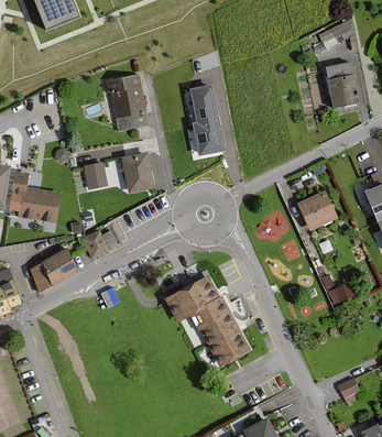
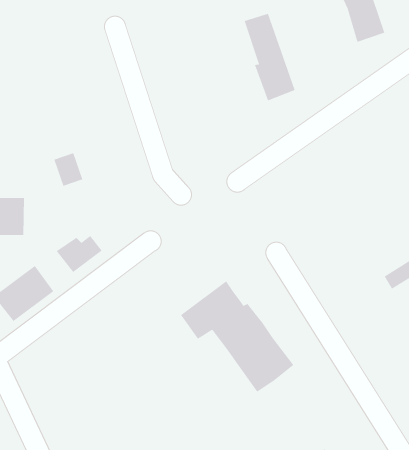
building: [108,76,145,131] -> none
building: [192,86,225,154] -> [244,13,296,101]
building: [124,154,153,192] -> none
building: [301,193,337,229] -> none

